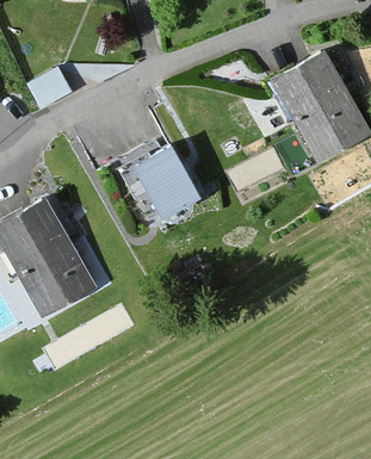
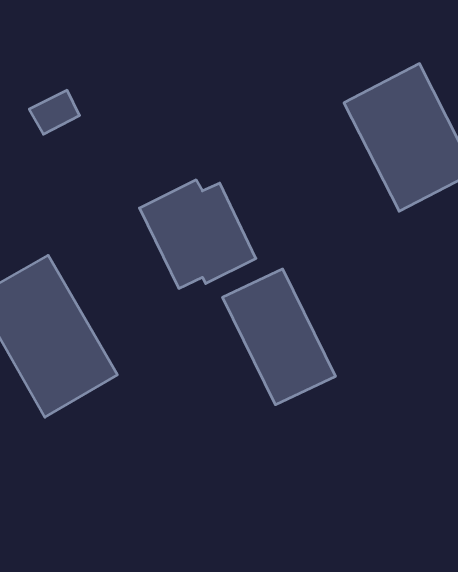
building: none -> [223,269,335,405]

